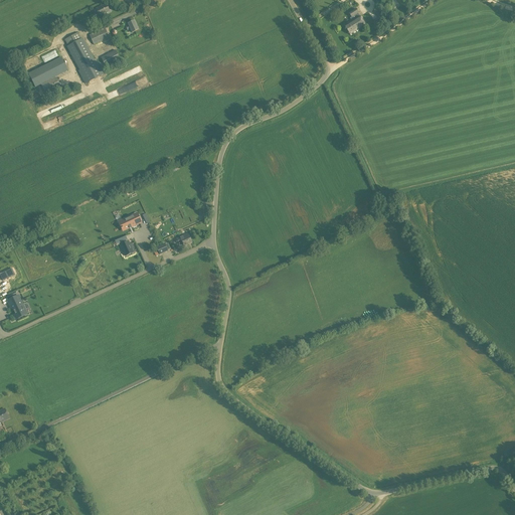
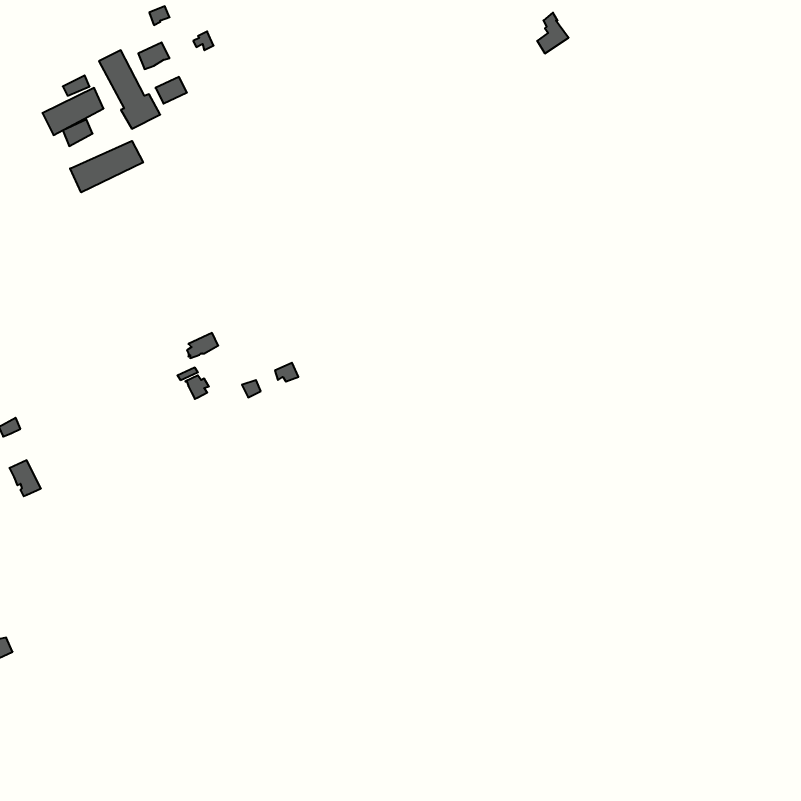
building: none -> [70,141,143,192]

